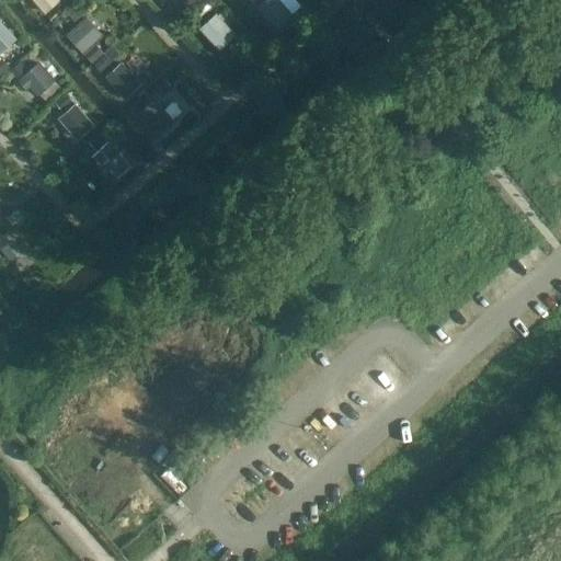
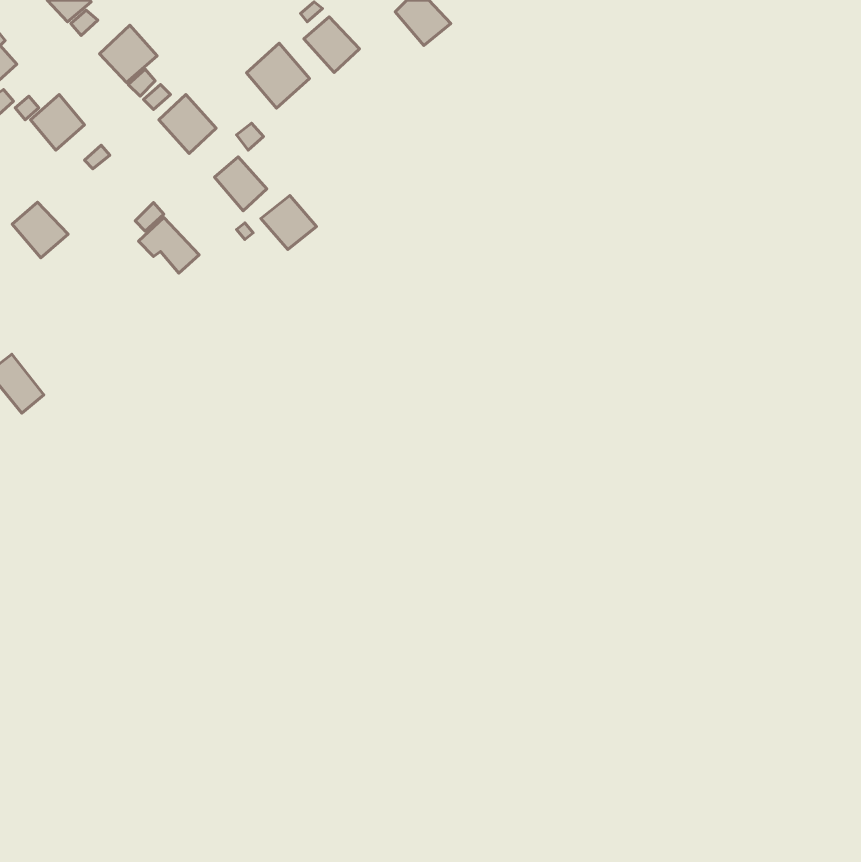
building: none -> [246,43,309,108]
building: [58,102,94,138] -> [12,202,68,258]
building: none -> [261,195,316,250]

